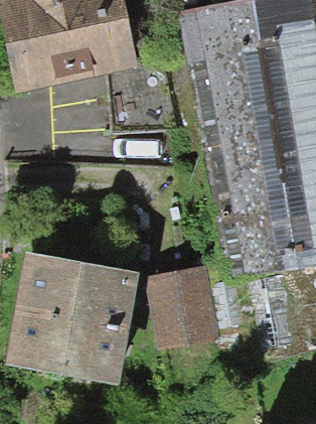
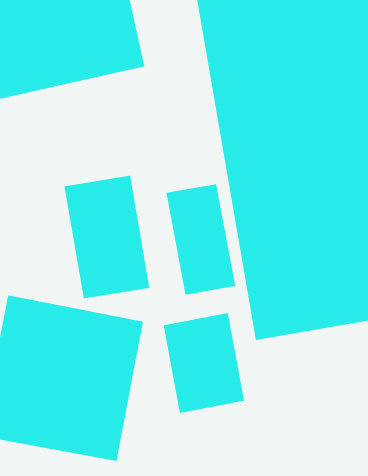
building: none -> [64,175,150,299]
building: none -> [166,183,236,295]

